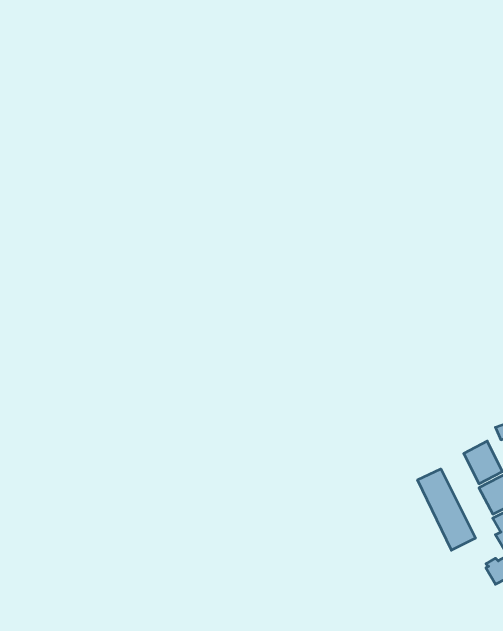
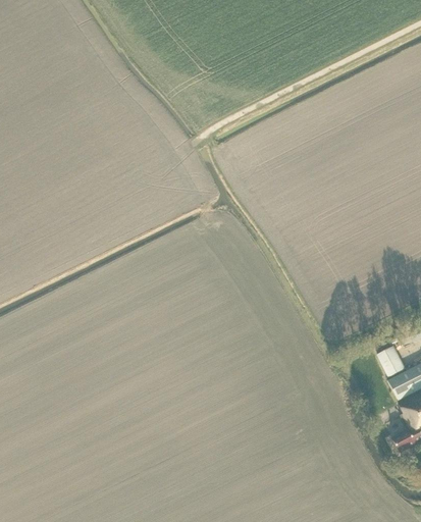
building: [418,469,475,550] -> none

